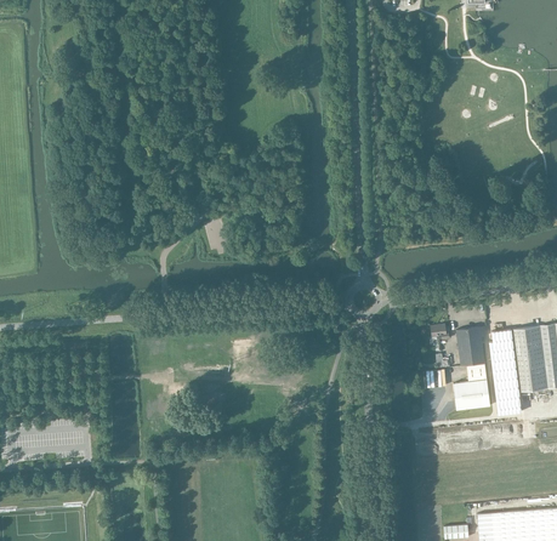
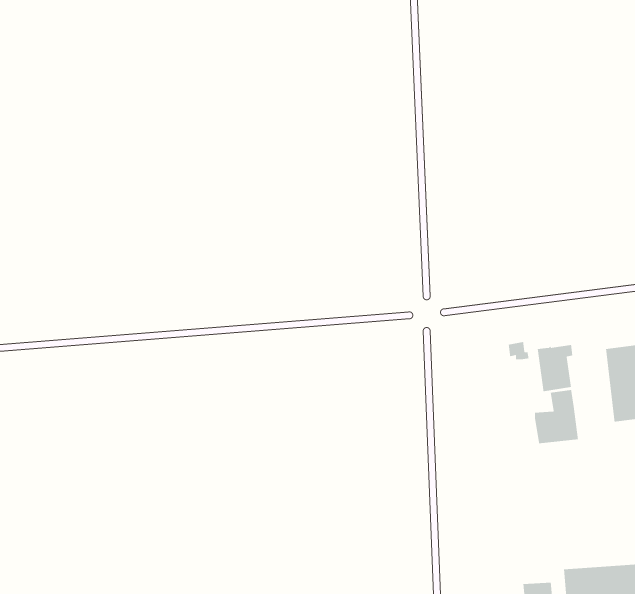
building: [490,329,523,415] -> none

